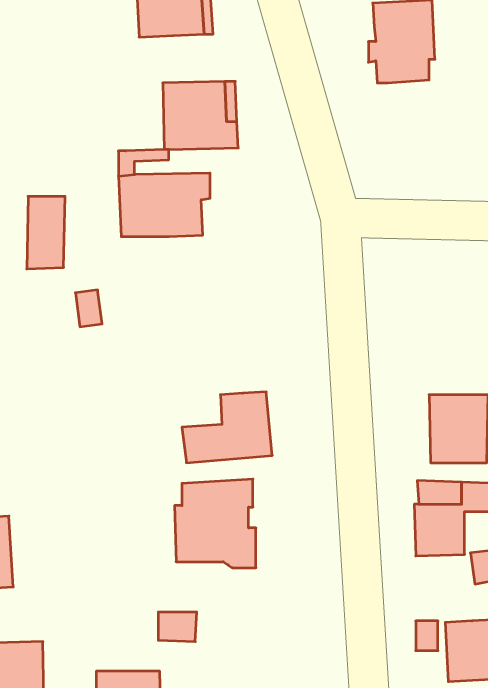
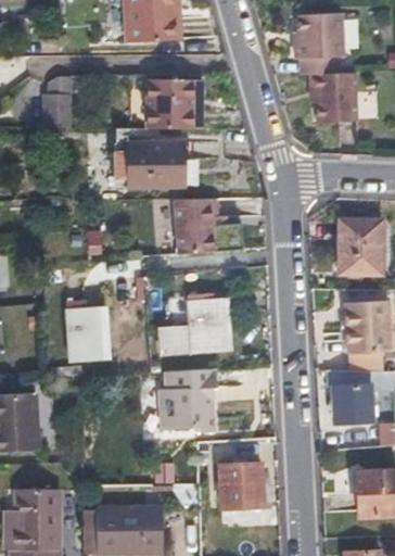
building: none -> [314,74,361,124]
building: [27,196,65,269] -> [47,76,75,129]
building: none -> [178,200,218,254]
building: none -> [339,222,381,274]
building: none -> [68,308,107,359]
building: none -> [221,463,263,507]

